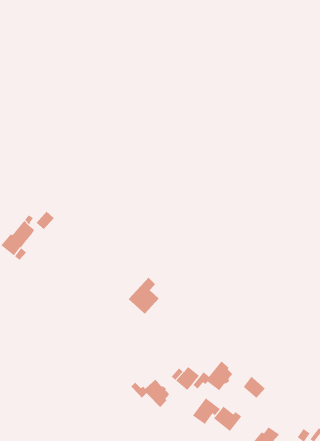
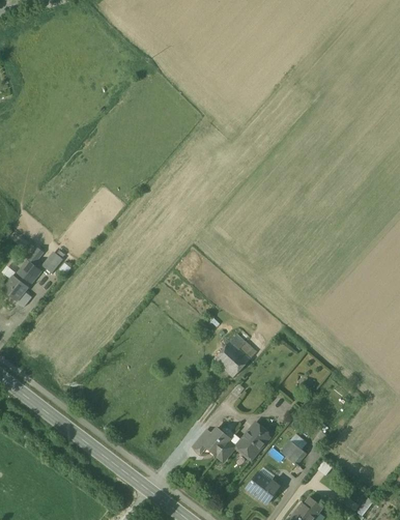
building: [128,277,159,315] -> [213,333,250,376]
building: [130,379,170,408] -> none
building: [192,397,221,425] -> none

